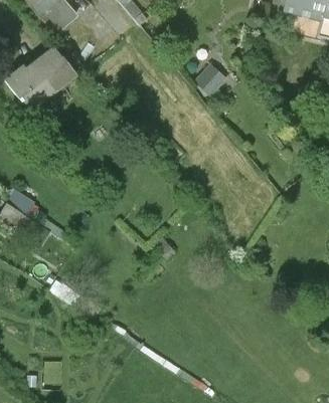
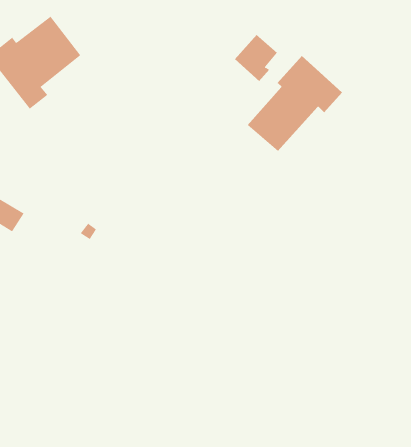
building: none -> [247,55,343,152]

